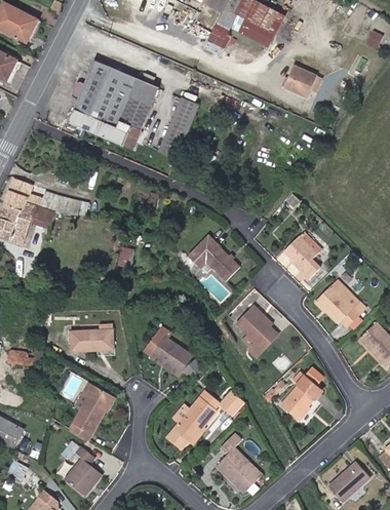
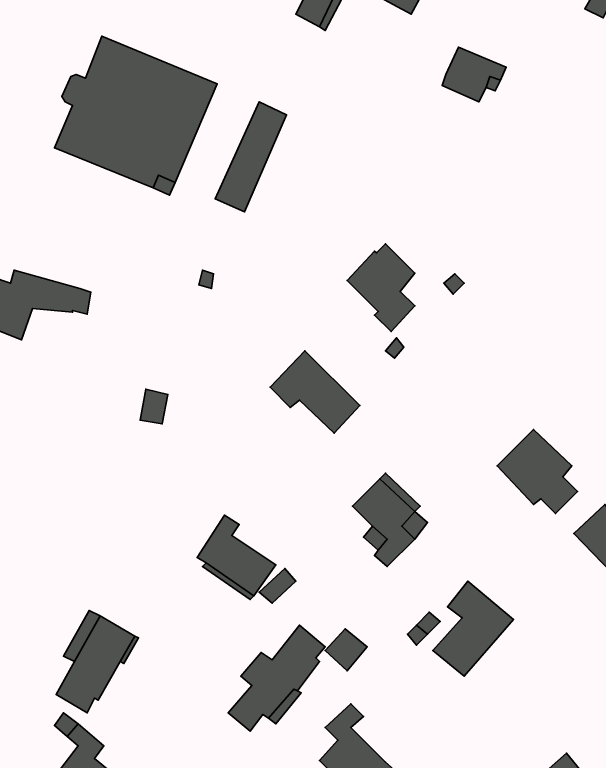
building: [283,232,321,281] -> [347,244,415,332]
building: [71,323,113,351] -> none

